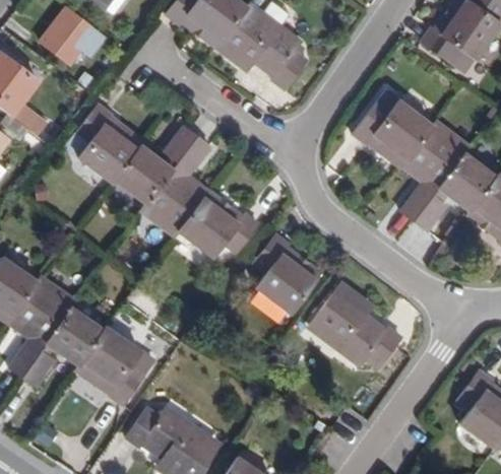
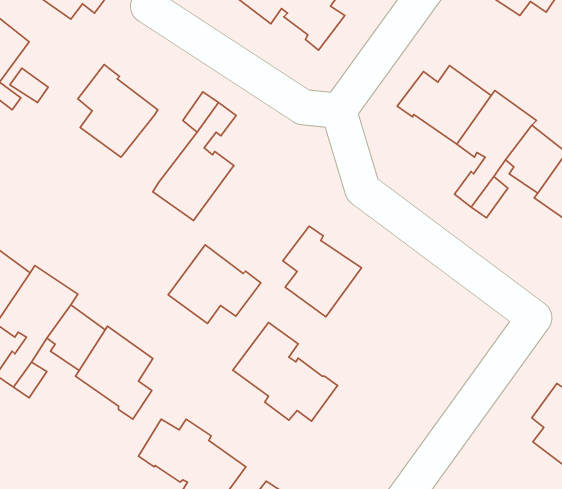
building: [114,145,168,202] -> none
building: [178,188,257,255] -> [168,245,261,323]
building: [311,282,400,366] -> [233,322,338,421]

